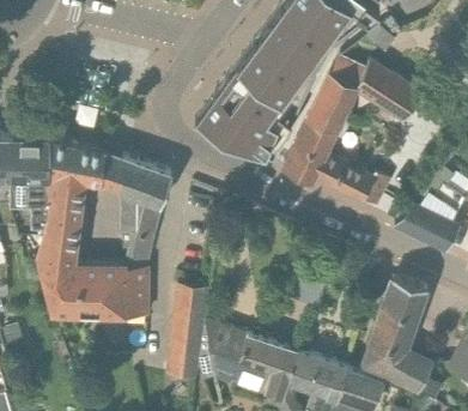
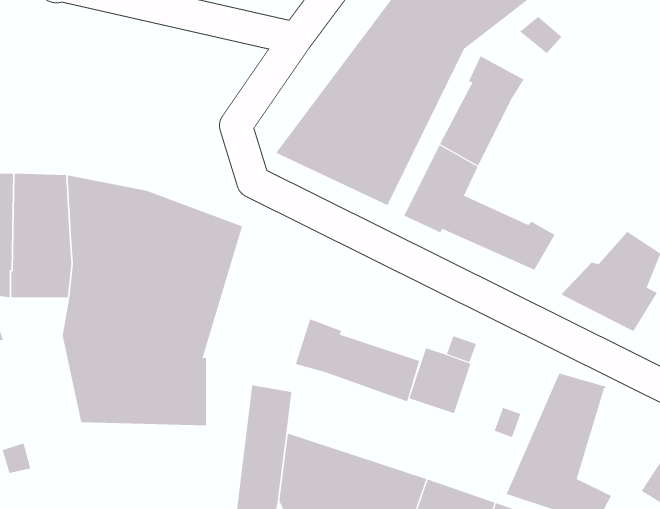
building: [360,66,421,121] -> none
building: none -> [295,319,420,402]

